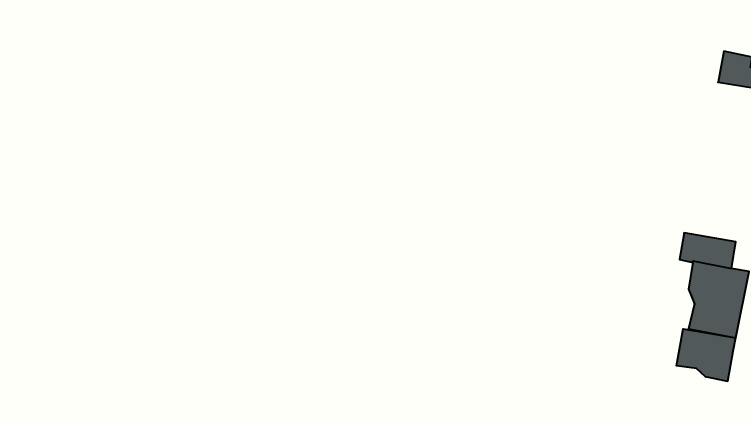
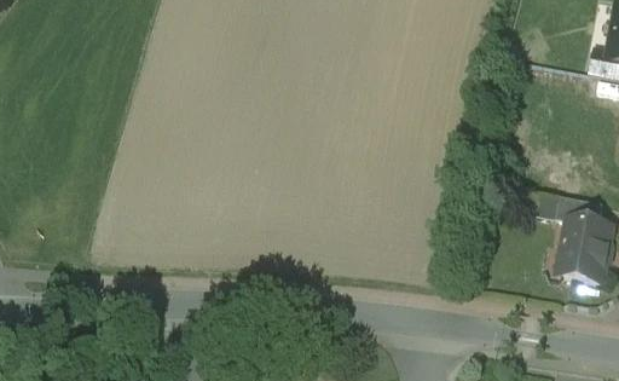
building: [676,329,735,381] -> none

